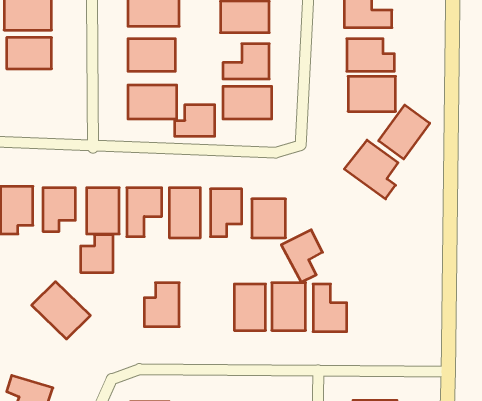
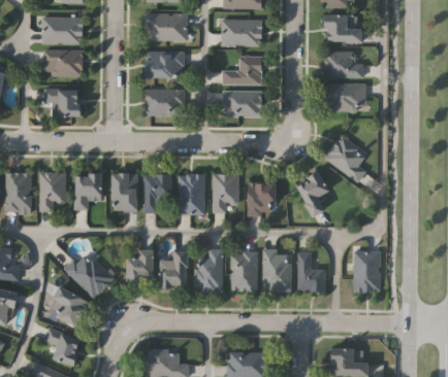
building: none -> [43,89,83,116]
building: [175,105,215,136] -> none
building: [379,105,430,159] -> none
building: [281,230,323,282] -> [294,172,328,215]
building: [81,235,113,272] -> [125,249,152,280]
building: none -> [195,248,223,290]
building: none -> [354,250,380,290]
building: none -> [49,287,88,327]

